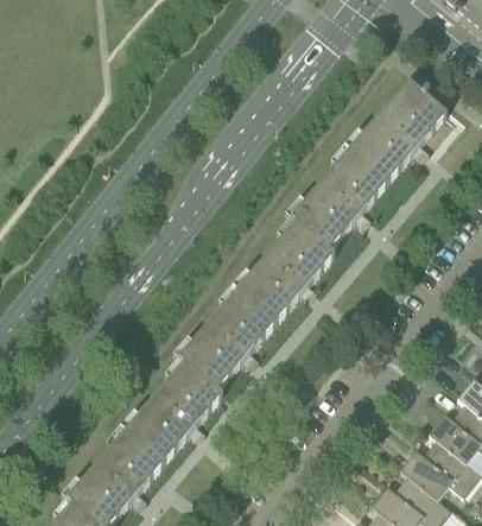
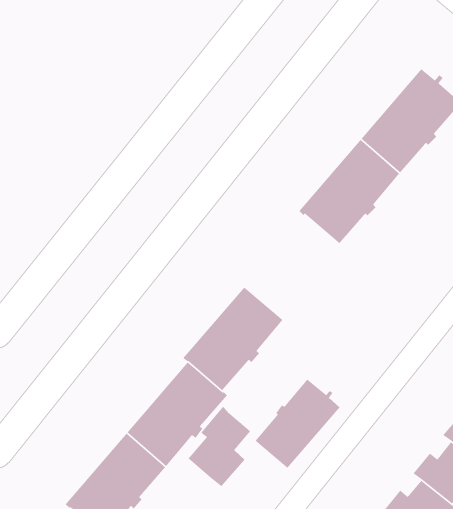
building: [236,222,332,323] -> none
building: none -> [254,378,340,469]
building: none -> [187,406,251,487]

